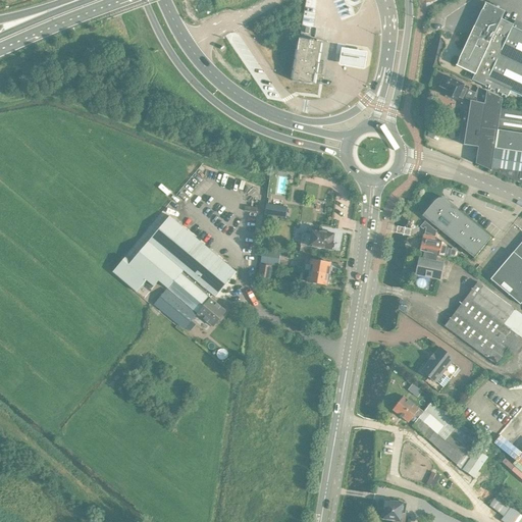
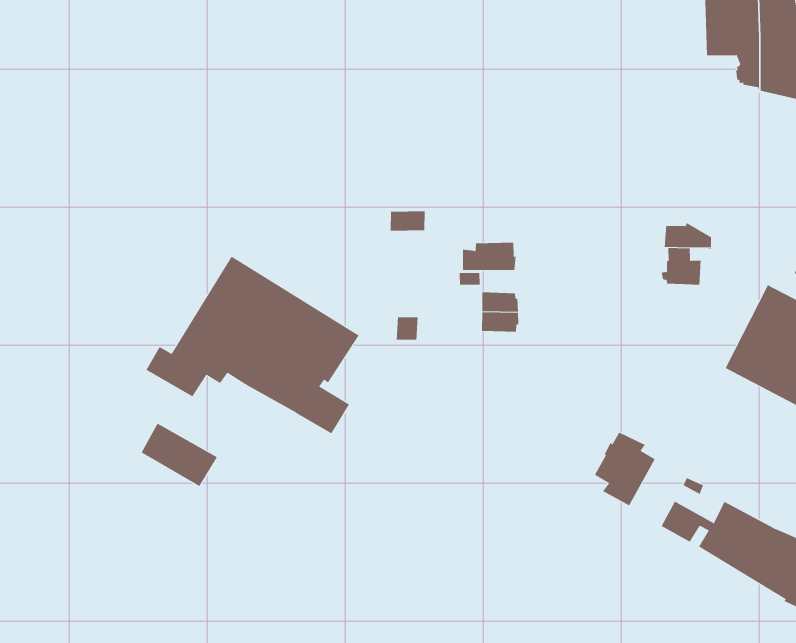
building: [423,198,491,258] -> none
building: [153,289,197,329] -> [141,423,218,487]
building: [422,348,459,392] -> [594,432,655,506]

